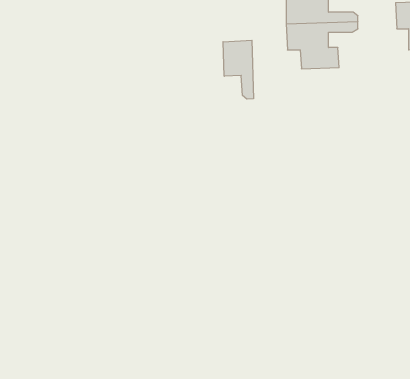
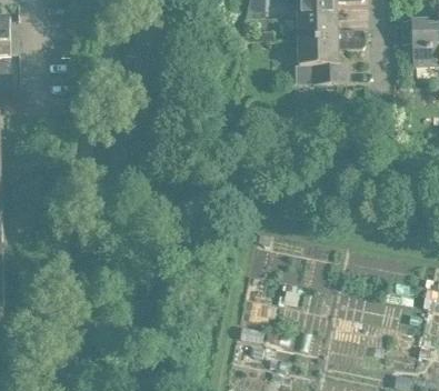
building: [223,40,253,99] -> none

